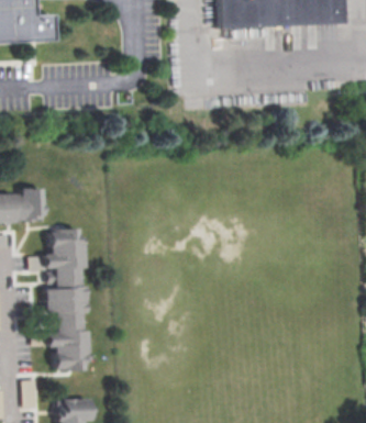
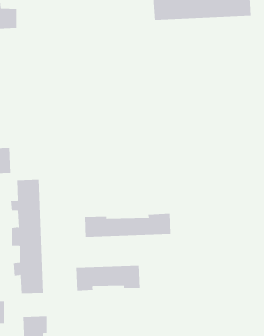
building: none -> [85,213,171,238]
building: none -> [76,265,140,292]

